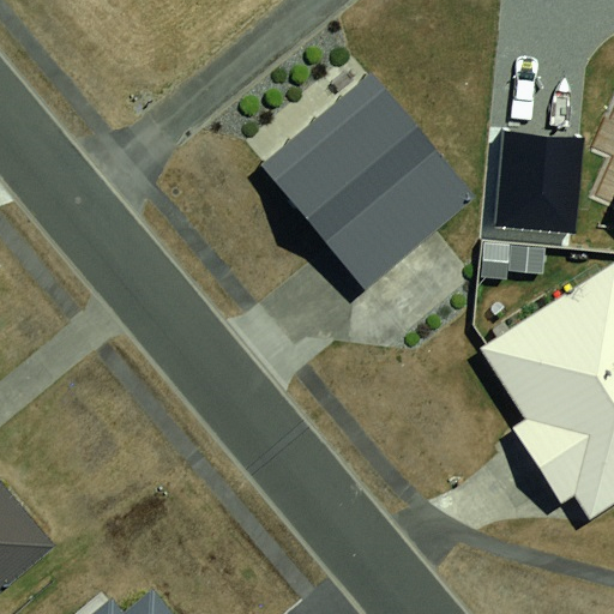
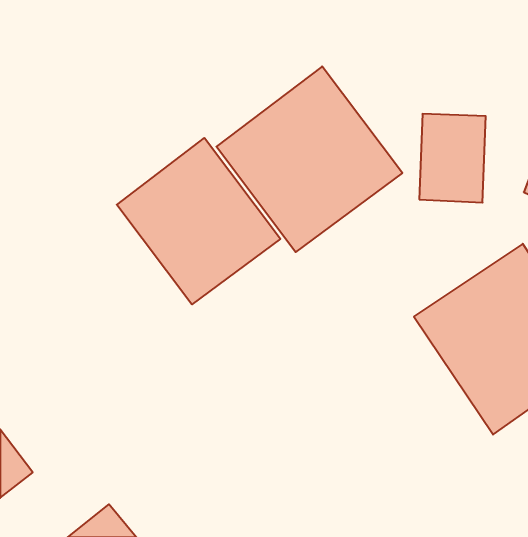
building: none -> [117,138,280,304]

